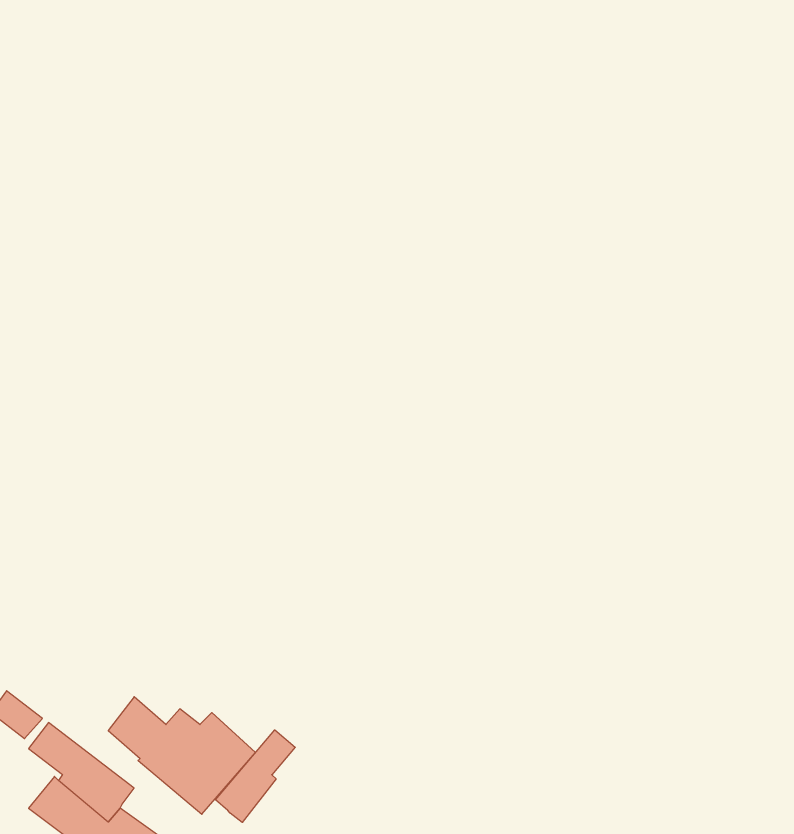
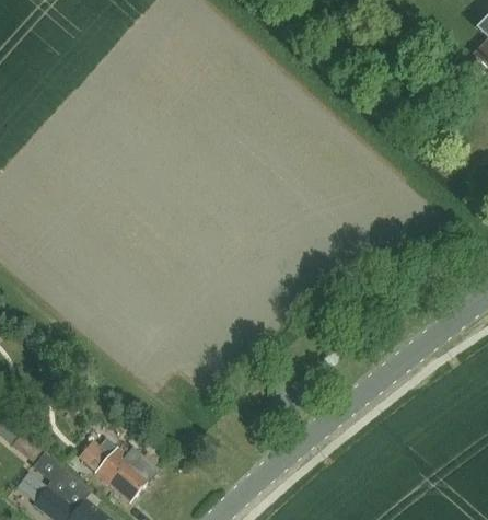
building: [216,730,295,822] -> none

